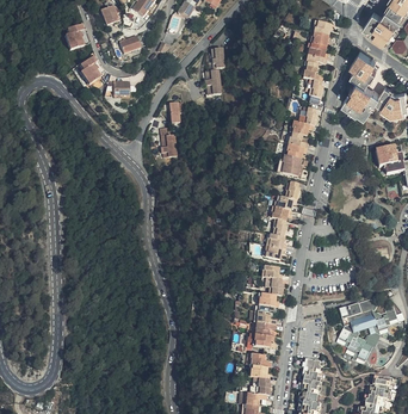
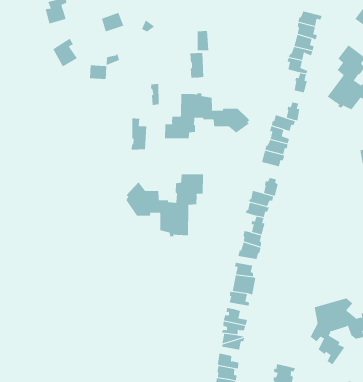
building: none -> [164,93,250,139]
building: none -> [125,173,204,237]

